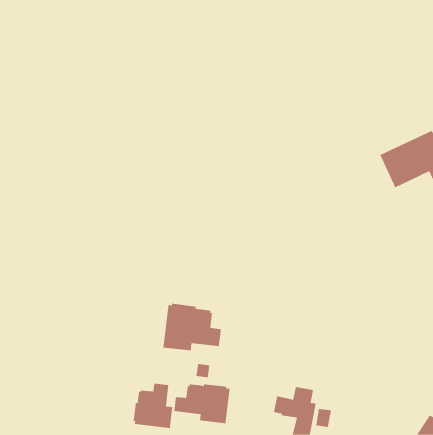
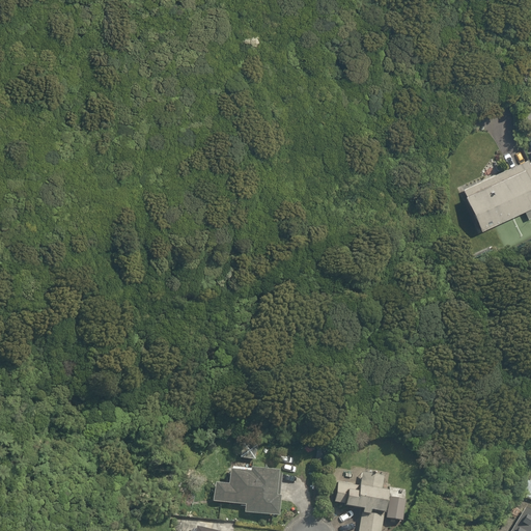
building: [163,303,221,351] -> none
building: [133,383,173,429] -> none

